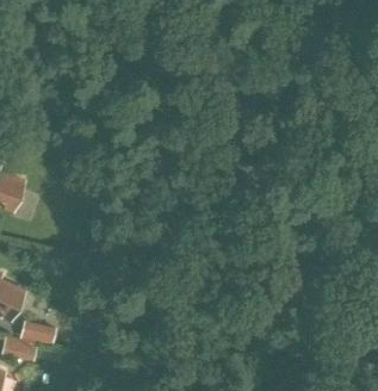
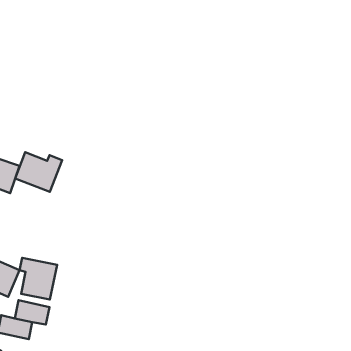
building: none -> [15,152,62,192]
building: none -> [20,258,57,299]

